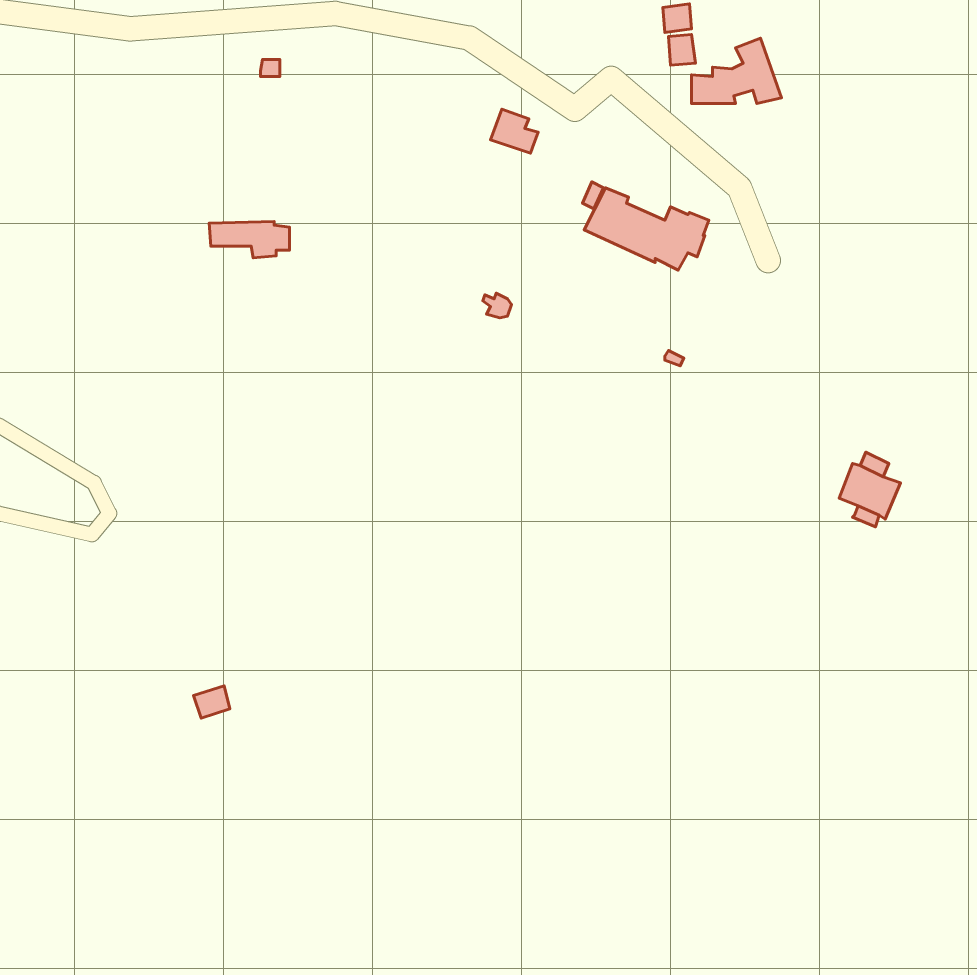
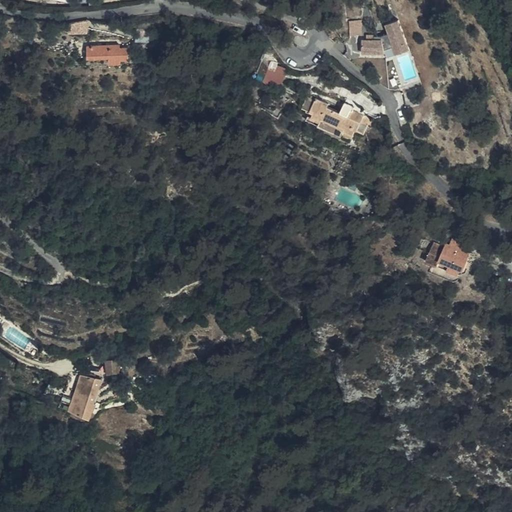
building: [209,221,290,258] -> [85,46,127,65]
building: none -> [67,372,99,415]

